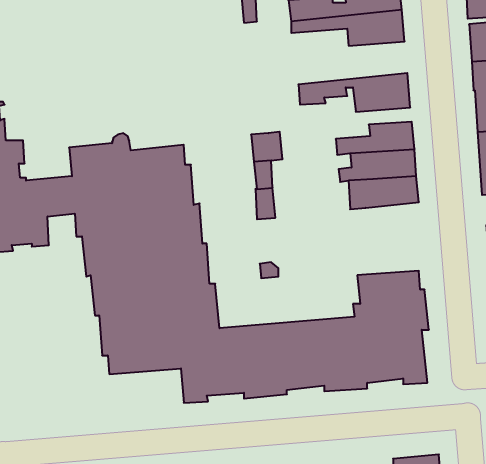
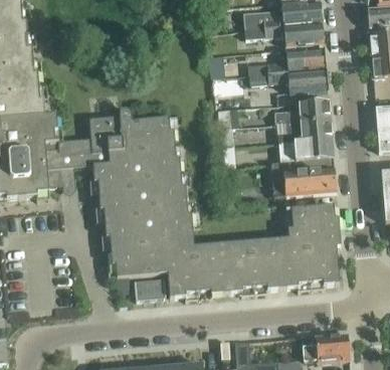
building: none -> [248,47,326,73]
building: none -> [270,156,336,196]
building: none -> [134,279,165,300]

